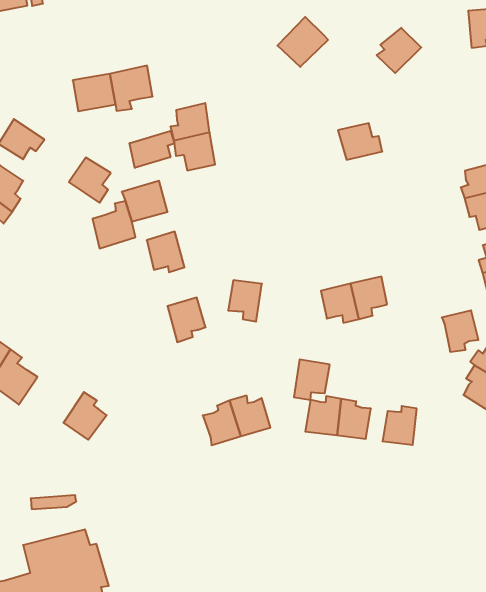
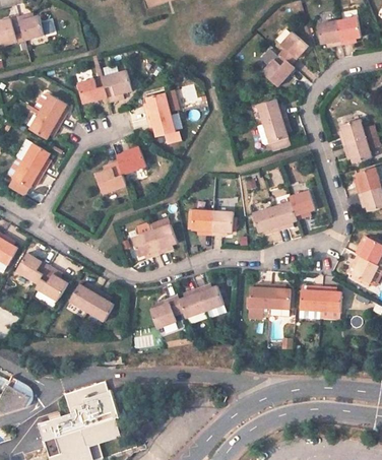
building: none -> [316,19,340,46]
building: [277,17,328,67] -> [260,53,294,86]
building: [130,131,174,168] -> none
building: none -> [262,117,289,143]
building: [69,158,111,203] -> [39,94,66,124]
building: [147,232,185,272] -> [131,229,157,257]
building: [442,310,478,352] -> [289,190,314,218]
building: [294,359,330,400] -> [209,210,232,237]
building: none -> [69,283,98,312]
building: none -> [319,286,341,313]
building: none -> [149,297,184,333]

